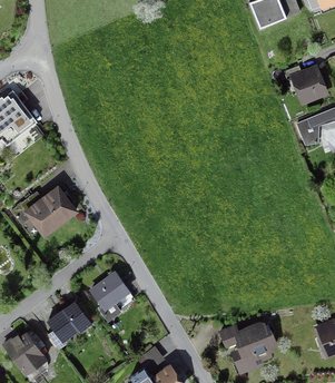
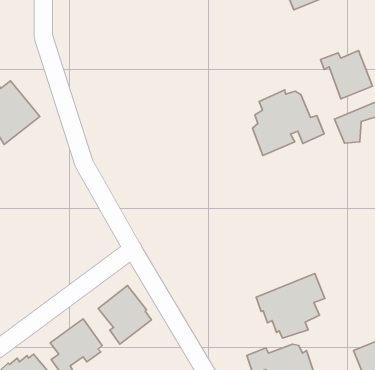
building: none -> [252,90,324,156]
building: [11,184,79,238] -> none
building: none -> [256,274,325,338]

